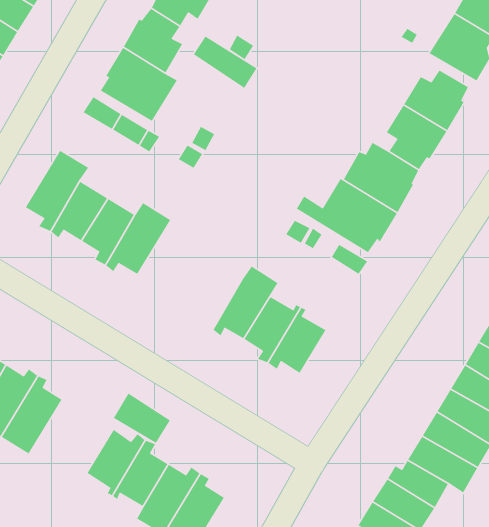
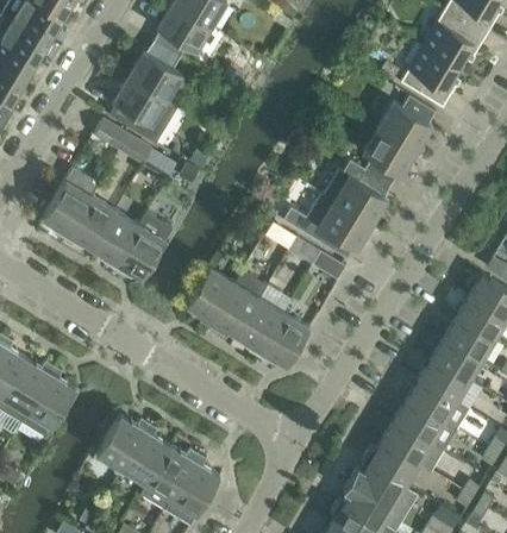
building: [193,35,258,89] -> none
building: none -> [187,268,236,327]
building: [113,393,171,444] -> none

